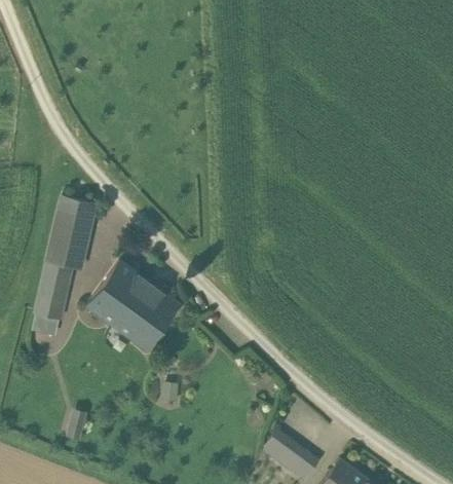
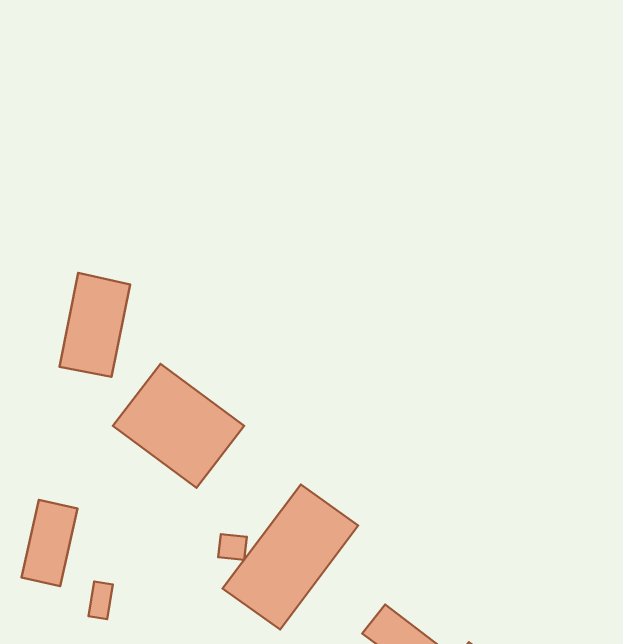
building: [34,262,74,324] -> [21,500,78,586]
building: none -> [223,484,358,630]

